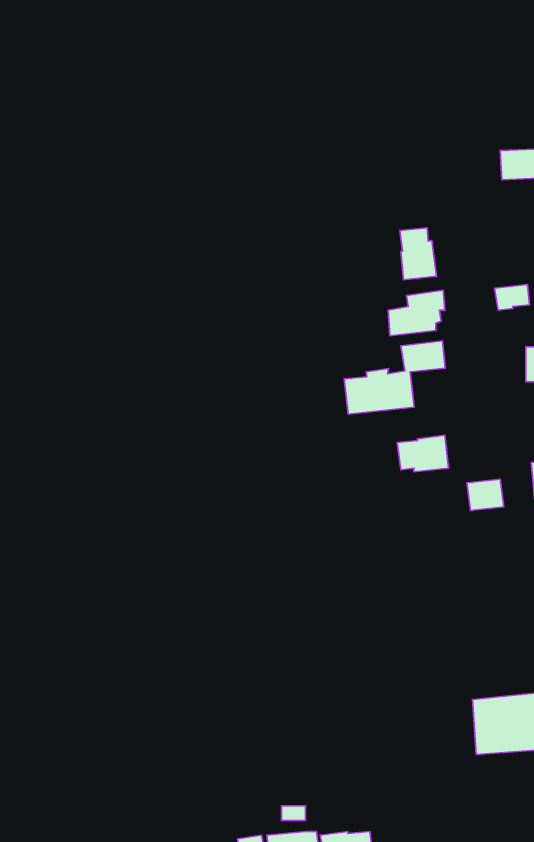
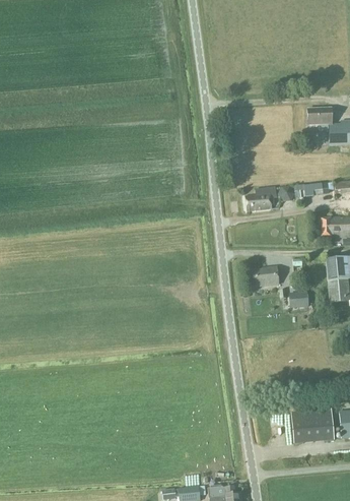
building: [400,228,436,280] -> none
building: [344,341,445,414] -> none

